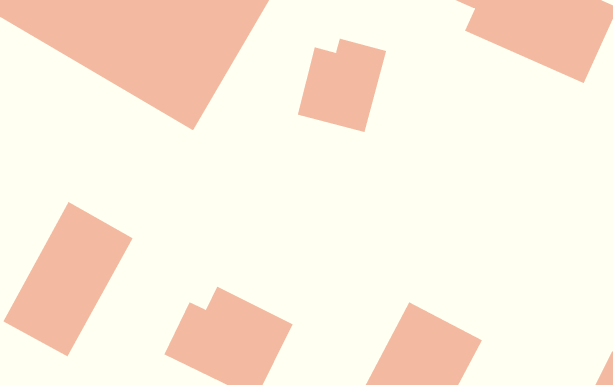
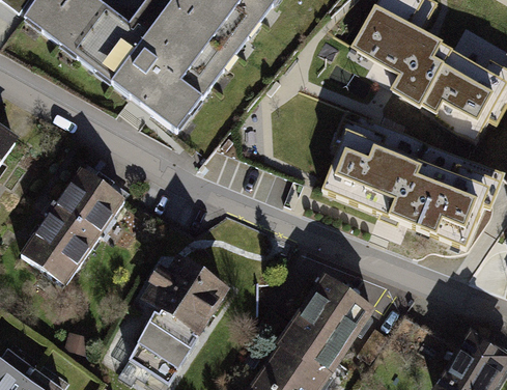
building: [297,38,387,133] -> none
building: none -> [316,126,483,240]

